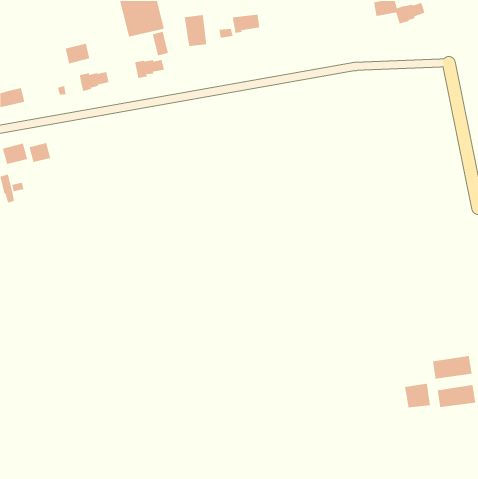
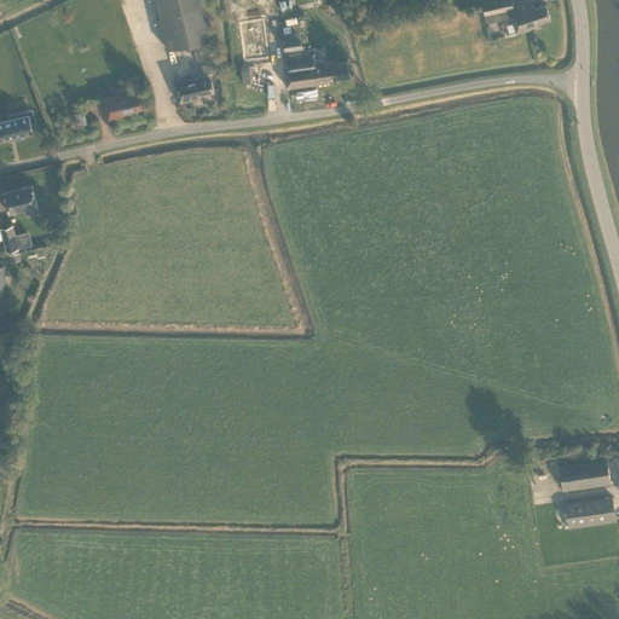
building: [232,14,260,34] -> [284,52,320,77]
building: [65,43,90,64] -> none
building: [29,142,51,163] -> none
building: [404,383,431,408] -> none

